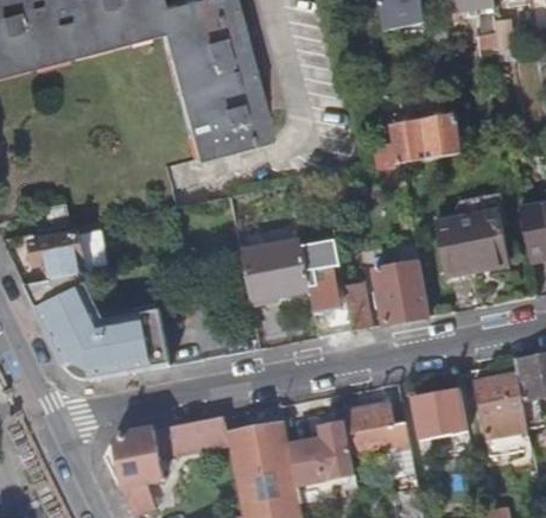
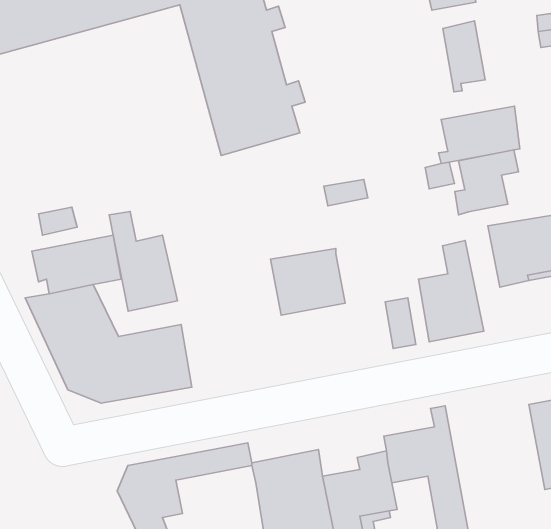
building: none -> [443,21,485,92]
building: none -> [455,150,518,215]
building: none -> [109,212,178,311]
building: [300,240,339,314] -> none
building: [413,389,466,437] -> none

